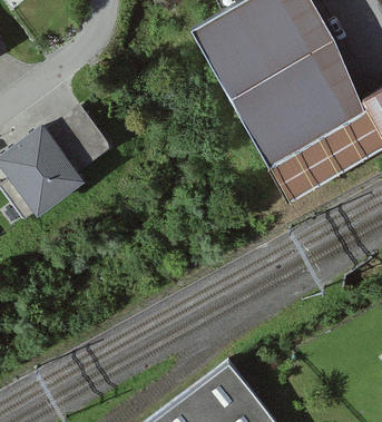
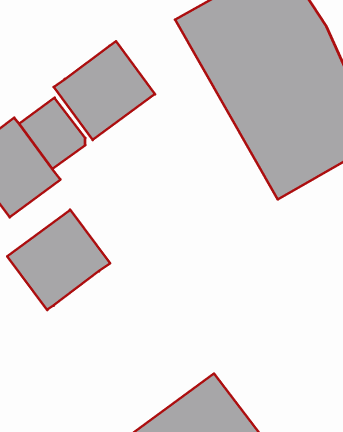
building: none -> [54,41,155,140]
building: none -> [7,210,110,310]

